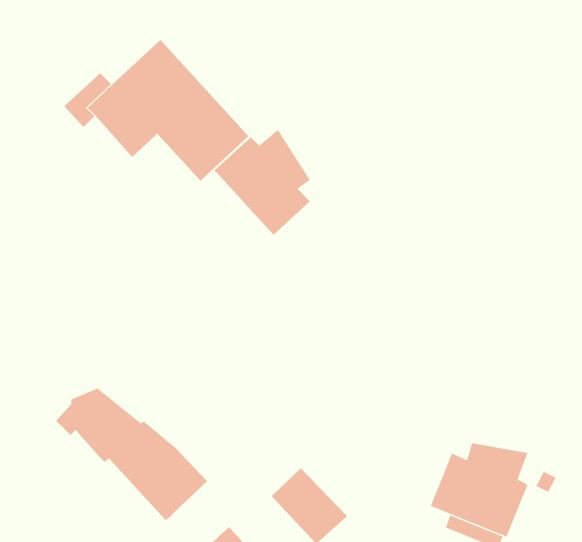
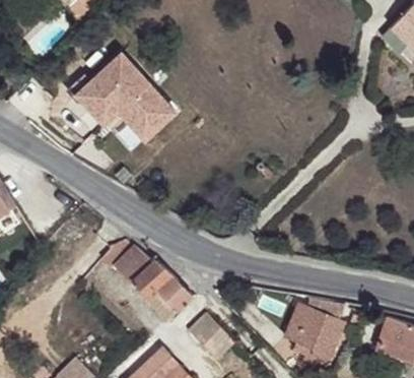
building: [214,129,311,235] -> none
building: [56,387,208,521] -> [100,239,193,320]

